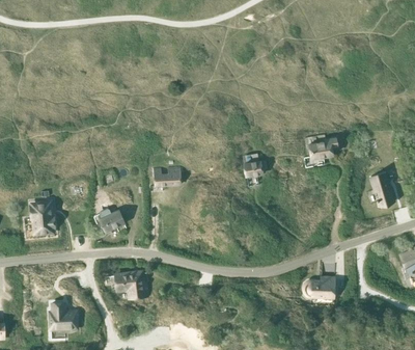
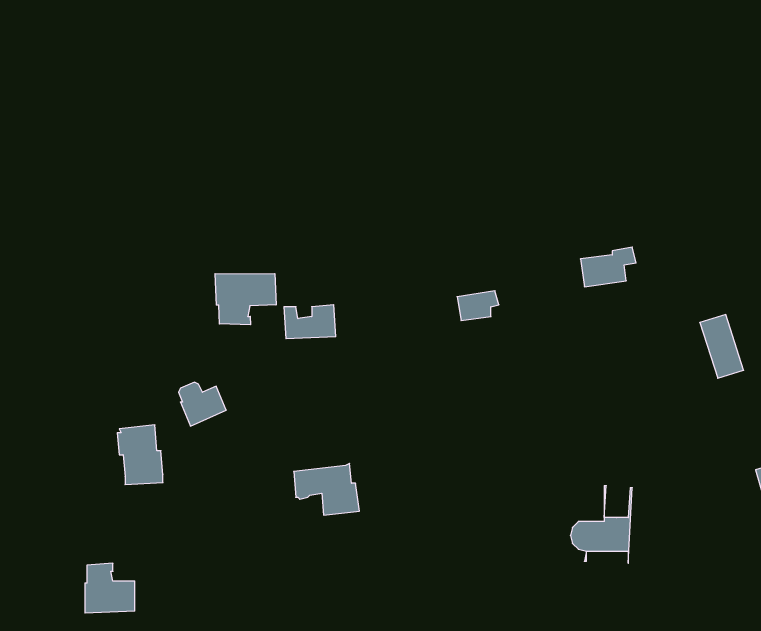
building: none -> [215,274,276,325]
building: [31,201,55,233] -> [117,425,163,485]
building: [115,271,149,298] -> [294,463,359,515]

